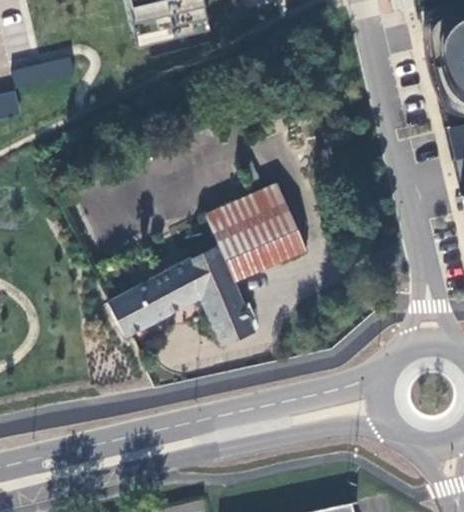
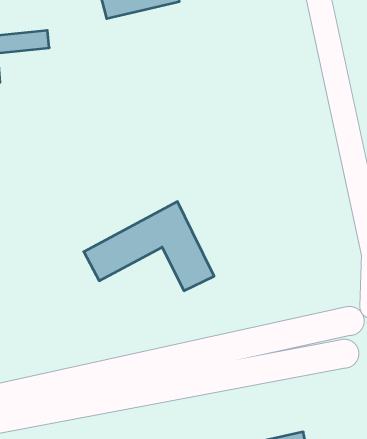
building: [206,186,304,280] -> none

